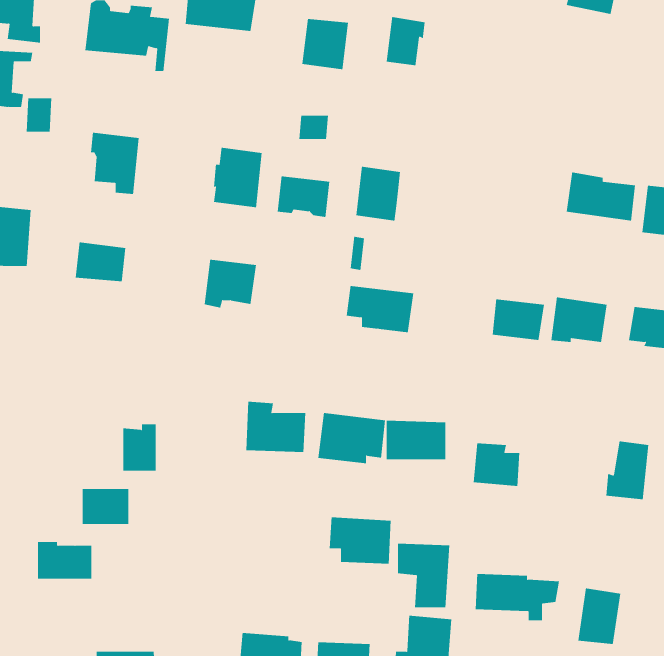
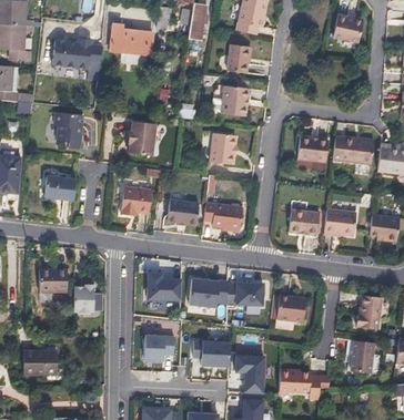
building: [302,19,349,70] -> [221,89,249,119]
building: none -> [299,139,329,163]
building: [277,176,330,217] -> [168,201,199,225]
building: [82,488,129,524] -> [39,270,67,291]
building: none -> [144,334,174,360]
building: [577,588,621,645] -> [350,339,375,372]

